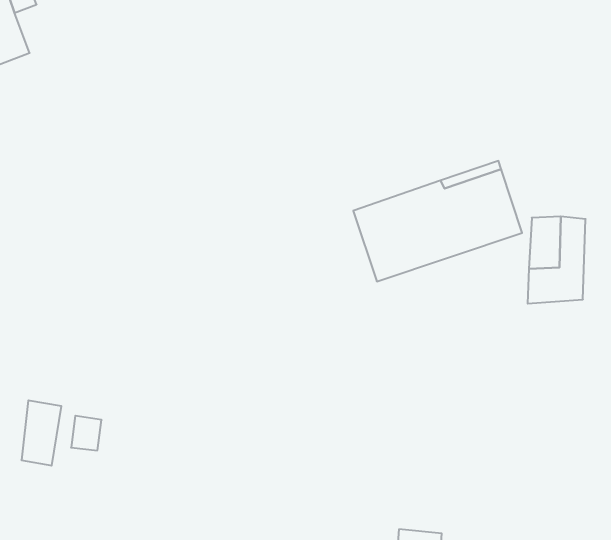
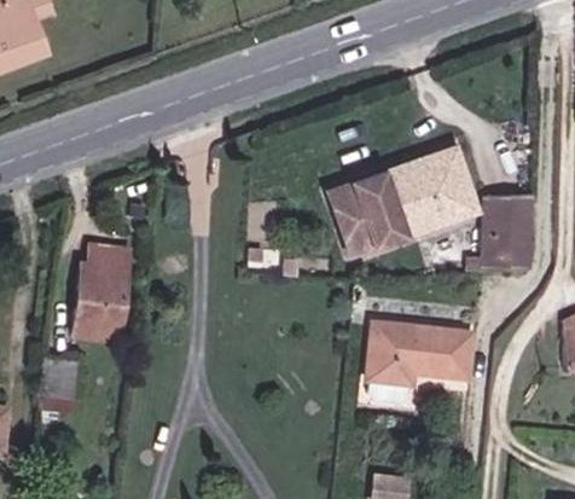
building: none -> [71,244,129,341]
building: none -> [364,321,472,385]

